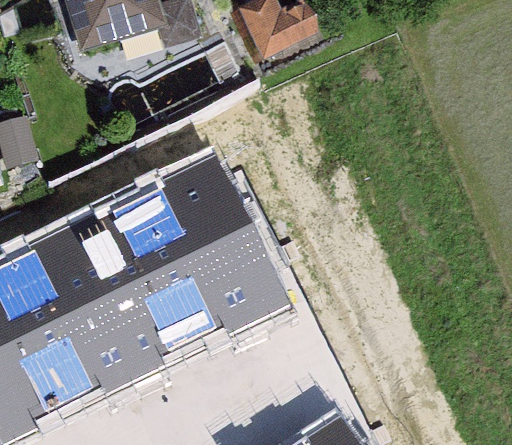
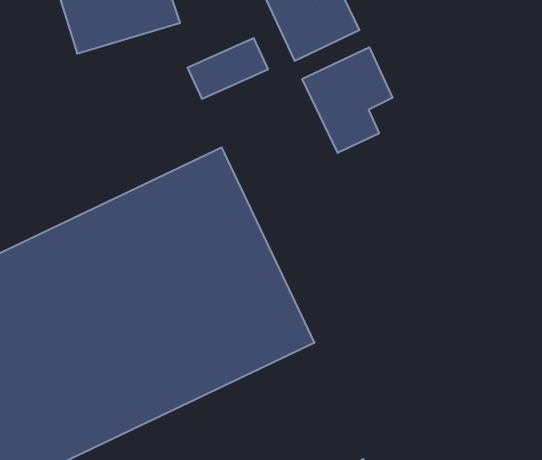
building: none -> [302,47,392,153]

